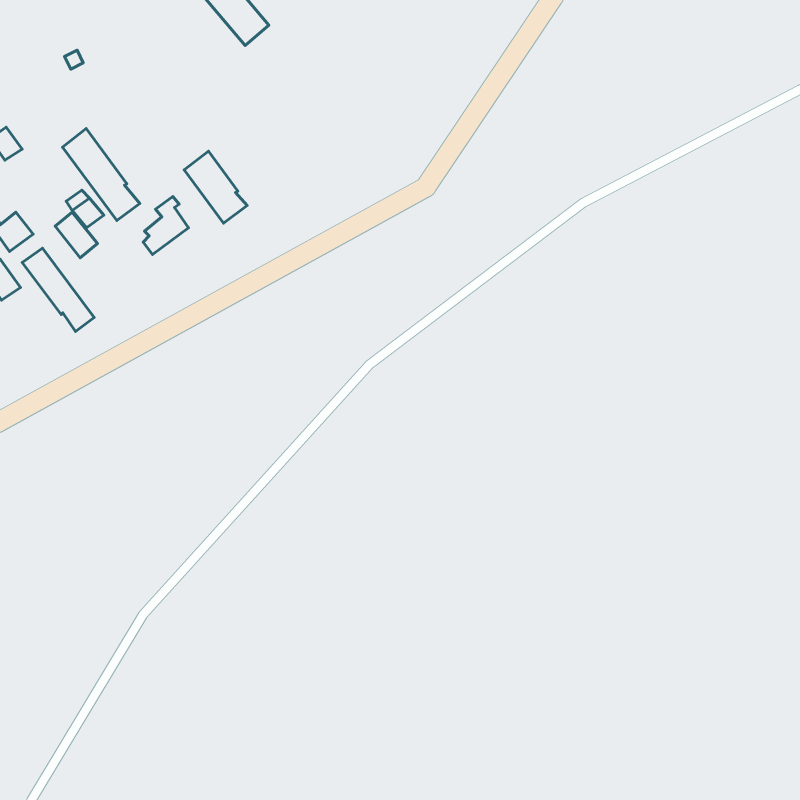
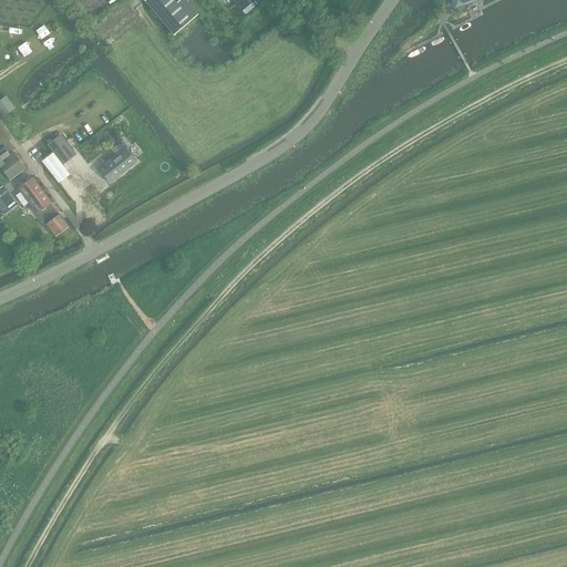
building: [63,129,140,220] -> none
building: [184,151,247,223] -> none

